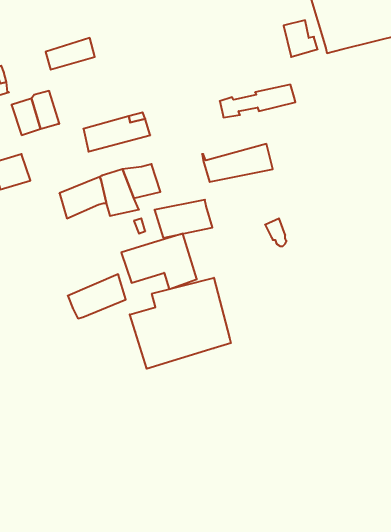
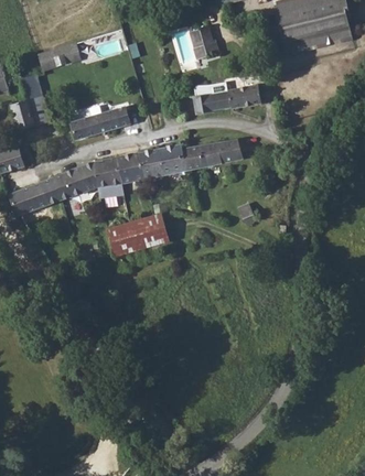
building: [284,20,318,57] -> [189,25,218,57]
building: [154,200,212,238] -> [135,143,185,176]
building: [68,274,126,318] -> [10,177,61,216]
building: [130,278,231,369] -> none

